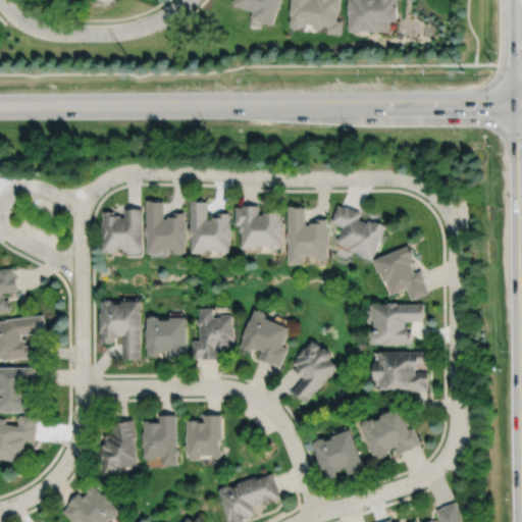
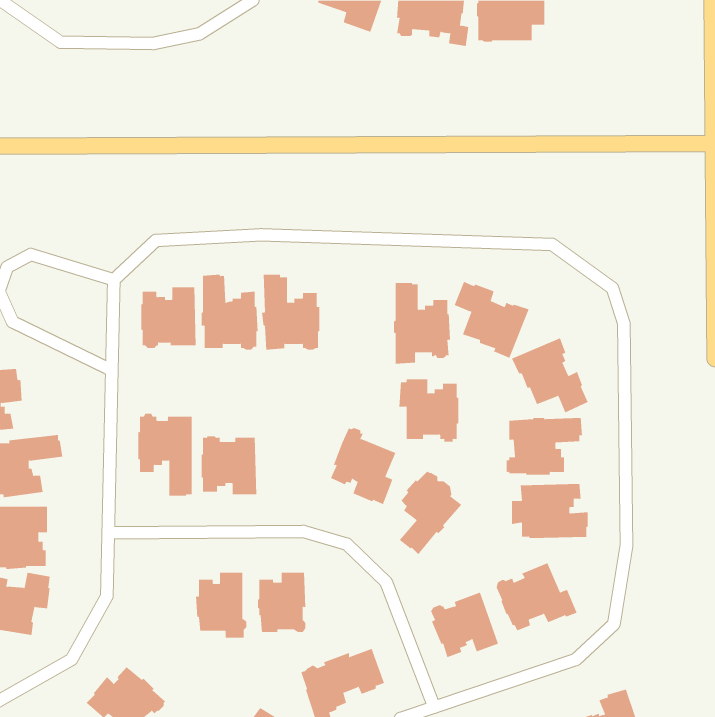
building: [237,205,280,251] -> [399,379,459,442]
building: [193,310,234,360] -> none
building: [98,420,138,472] -> none

